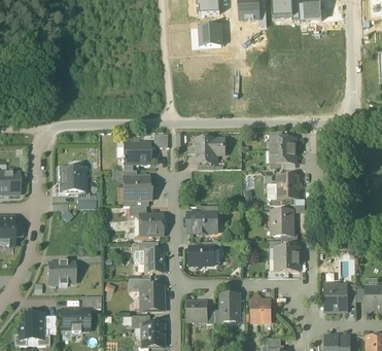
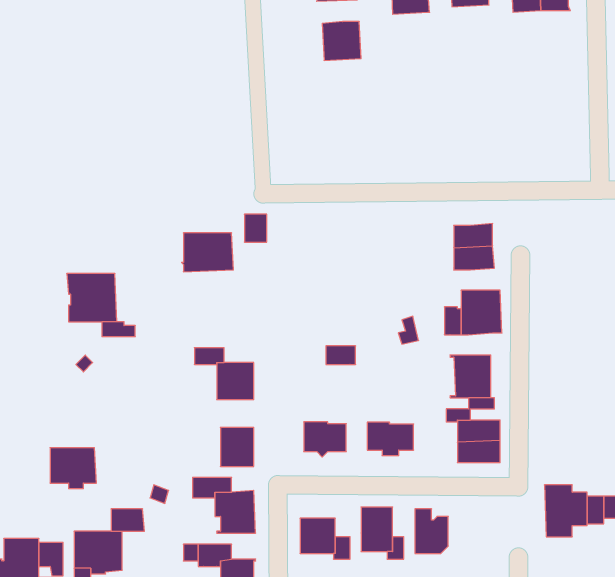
building: [196,138,223,163] -> none
building: [125,176,150,200] -> none
building: [189,214,215,233] -> [367,422,414,456]

